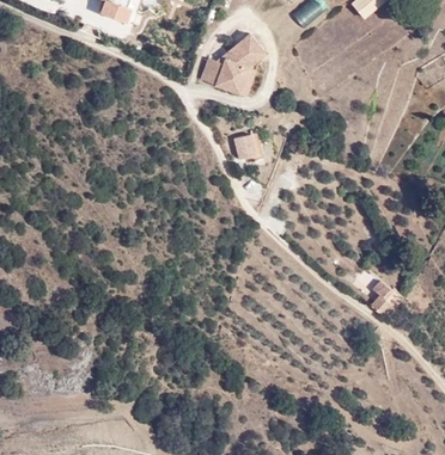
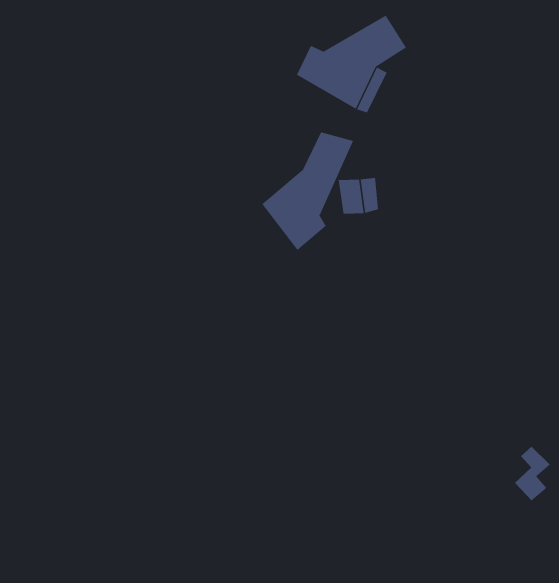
building: none -> [261,132,354,251]

